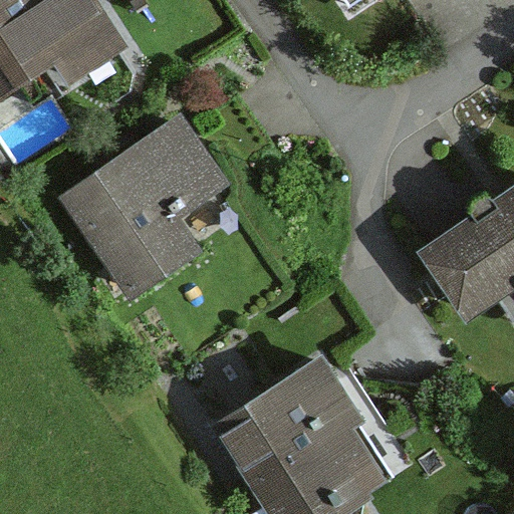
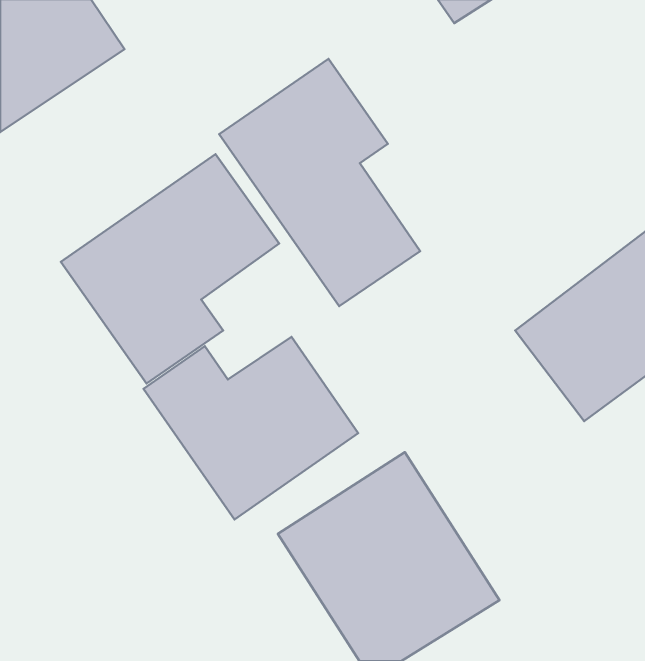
building: none -> [219,59,420,306]
building: none -> [144,337,358,520]

